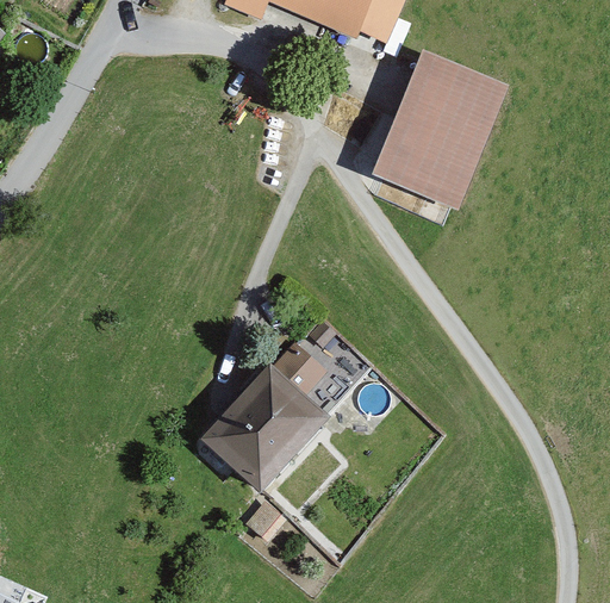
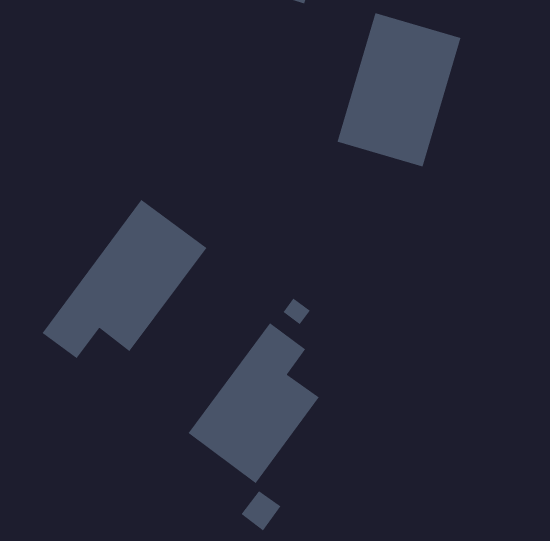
building: none -> [41,199,207,359]

